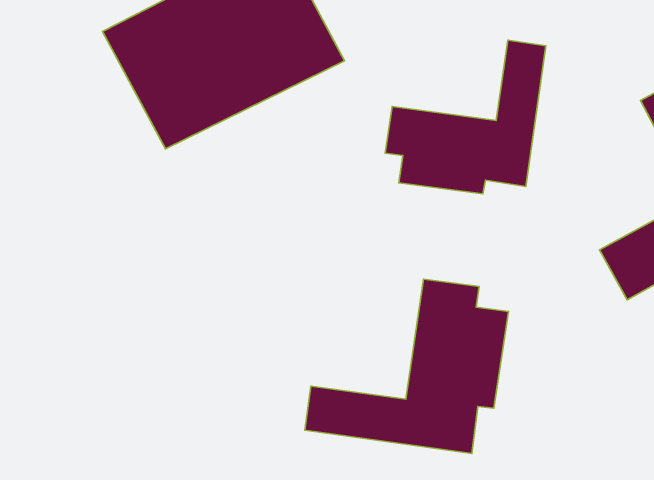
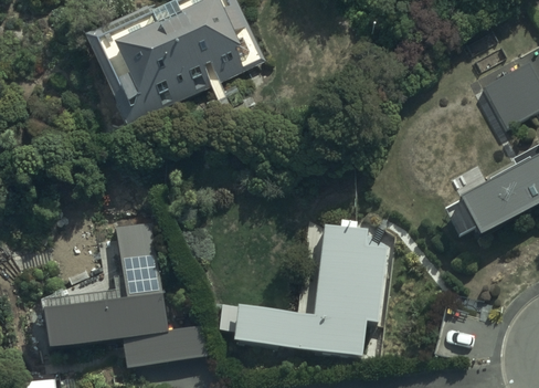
building: [385,40,546,194] -> none
building: none -> [42,209,212,361]

